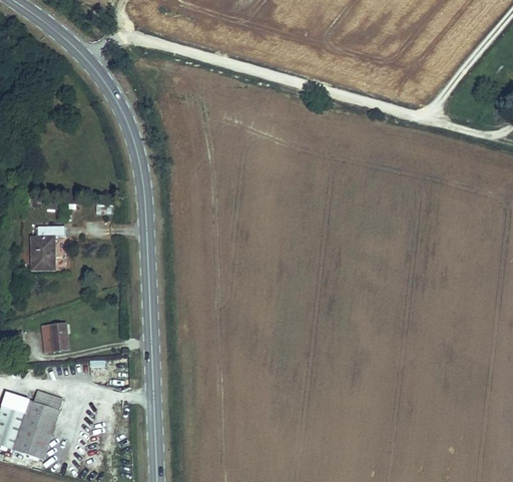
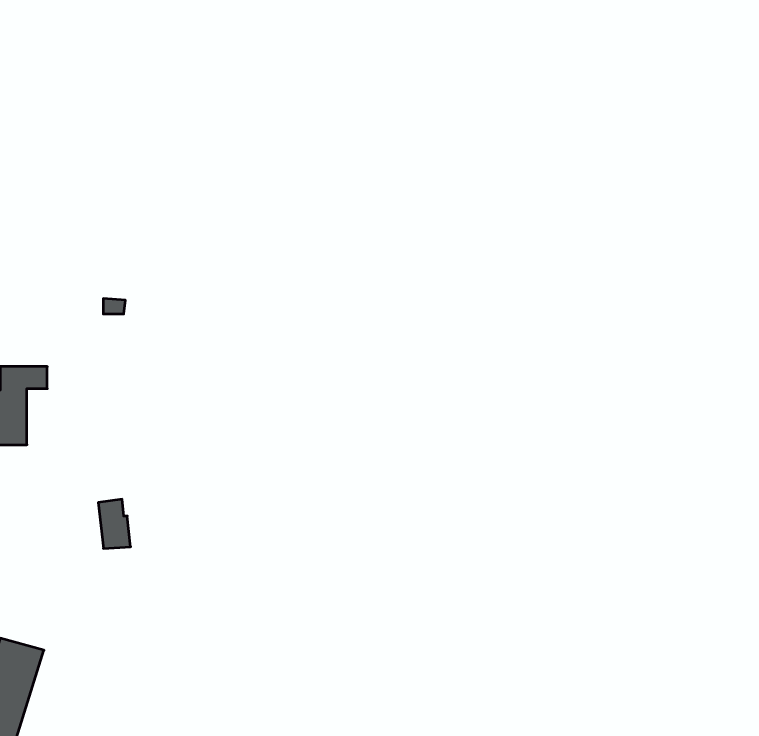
building: [44,321,63,350] -> [98,499,131,548]

